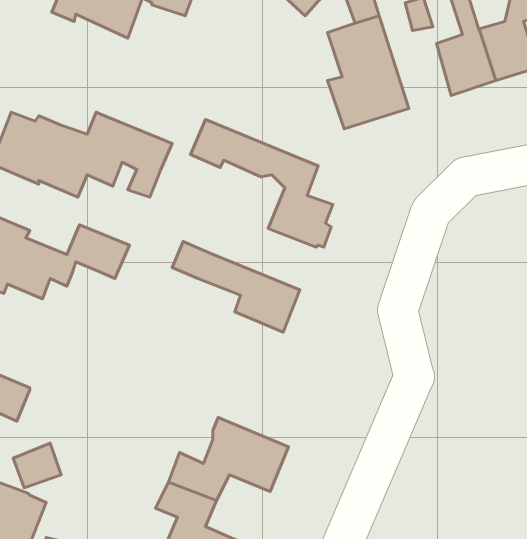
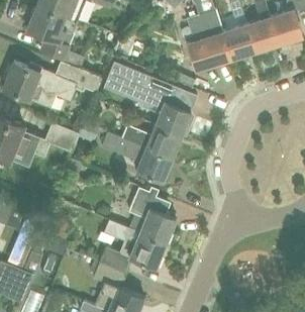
building: none -> [27,7,85,70]
building: none -> [215,9,255,60]
building: none -> [122,125,181,159]
building: none -> [127,187,176,244]

